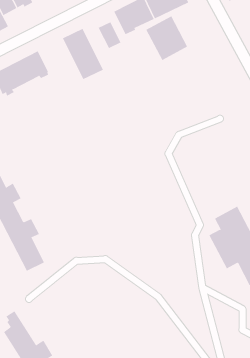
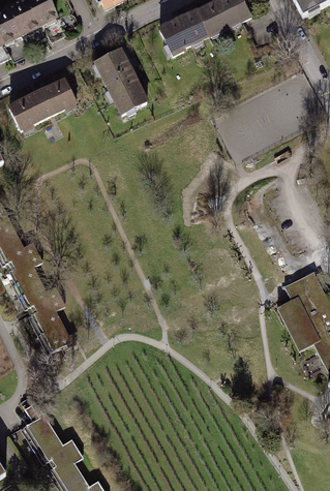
building: [146,15,188,61] -> none
building: [98,21,121,49] -> none

